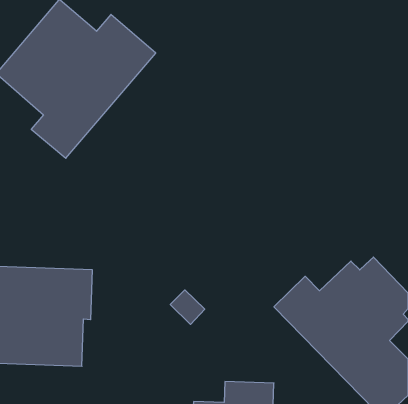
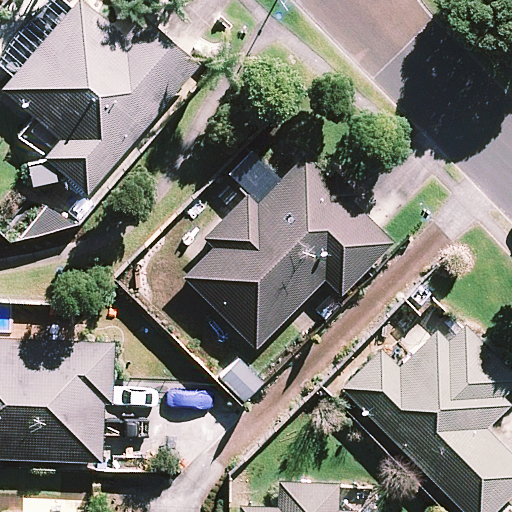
building: none -> [183,156,392,347]

